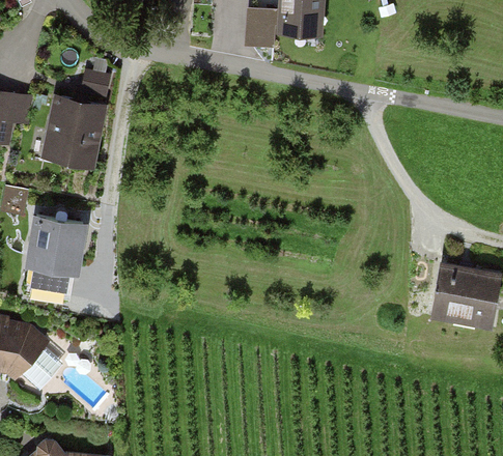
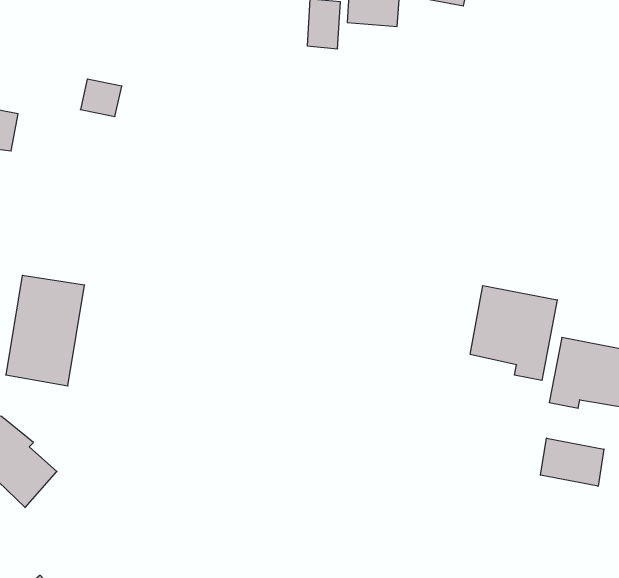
building: [40,94,109,171] -> none
building: none -> [470,286,557,380]
building: none -> [541,438,604,486]

